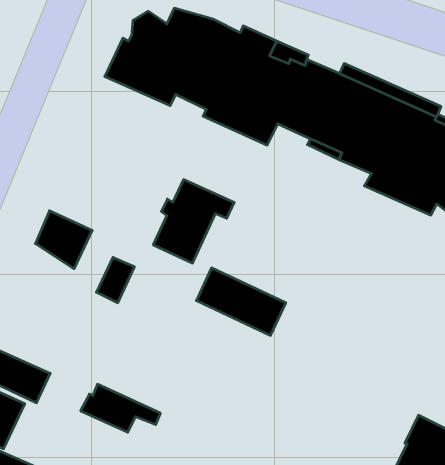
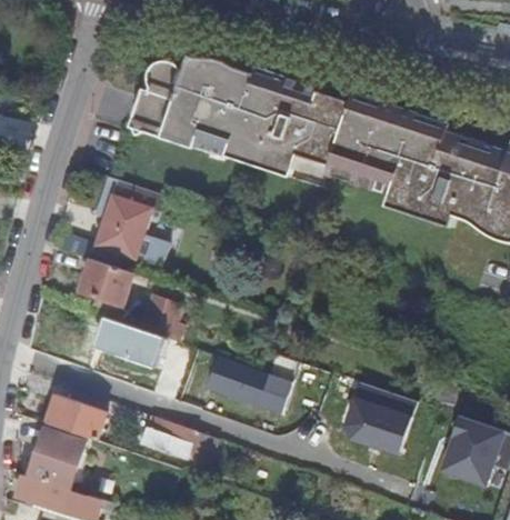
building: [153,180,234,263] -> [96,181,168,259]
building: [196,268,286,335] -> [207,357,291,414]
building: none -> [94,319,163,368]
building: none -> [344,396,411,454]

